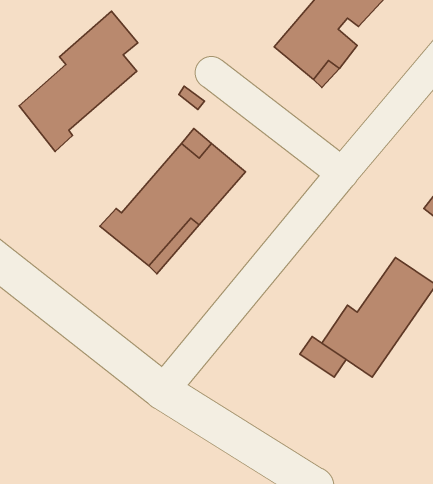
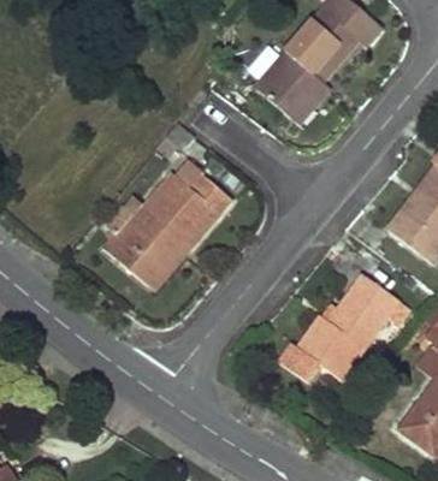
building: [19,11,138,151] -> none

